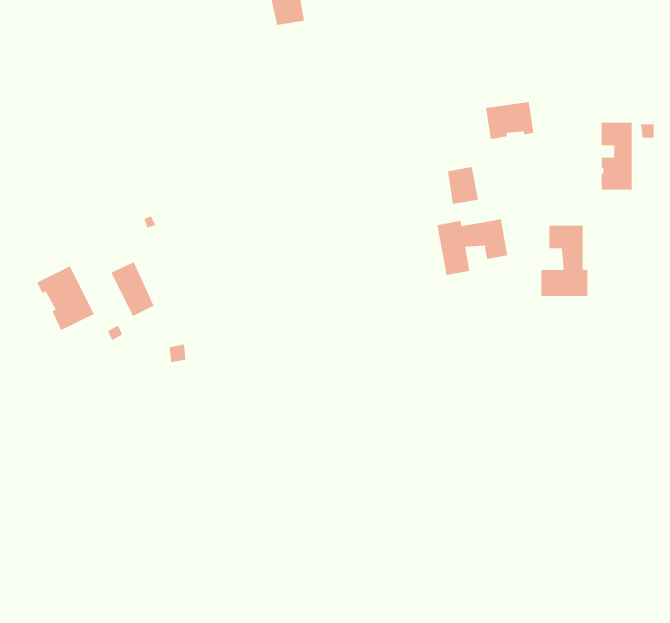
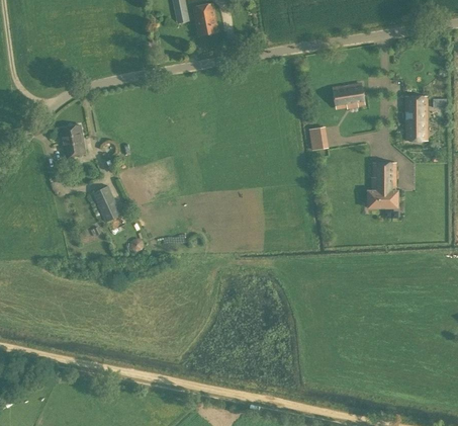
building: none -> [60,127,85,156]
building: [437,218,508,276] -> none
building: [36,266,95,331] -> none

